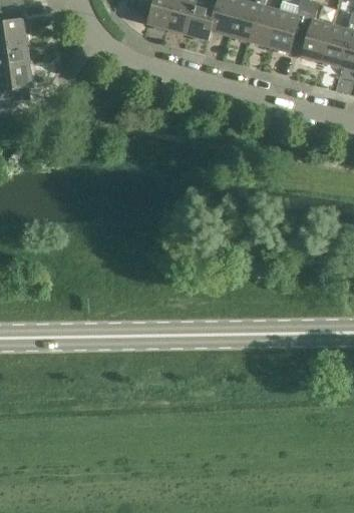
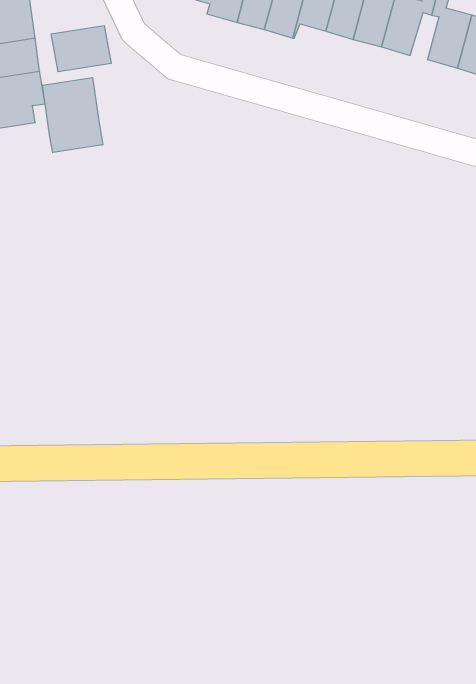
building: none -> [51,26,111,72]
building: none -> [43,78,103,153]

